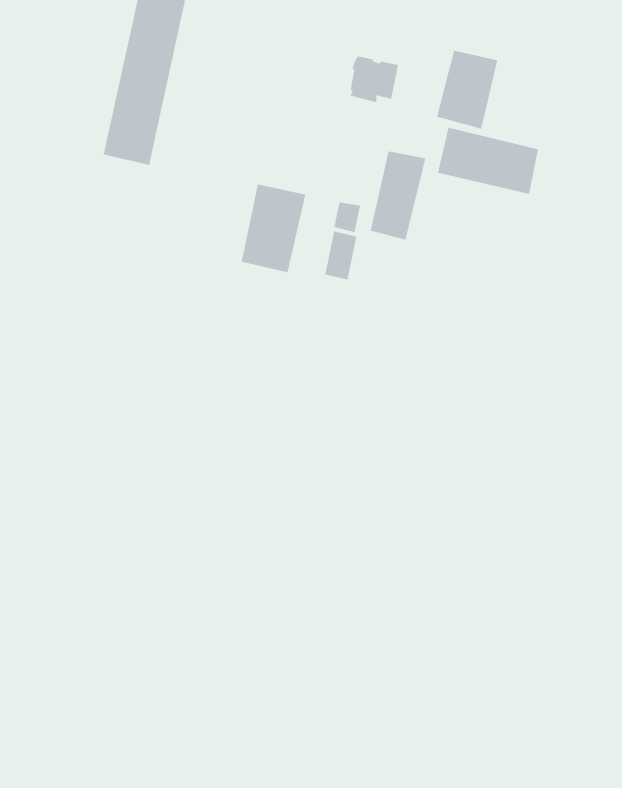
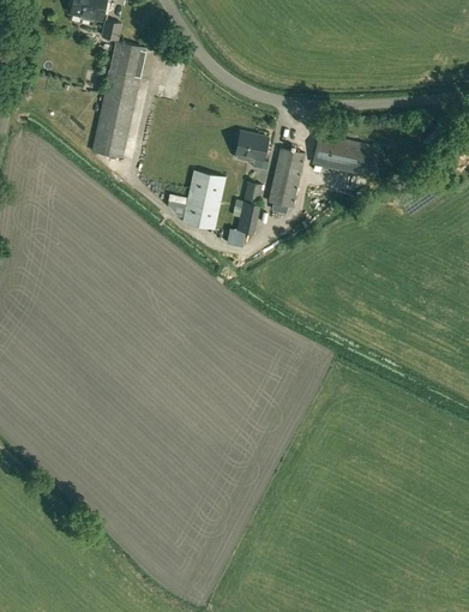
building: [436,50,498,130] -> none
building: [350,56,399,103] -> [235,132,267,163]

